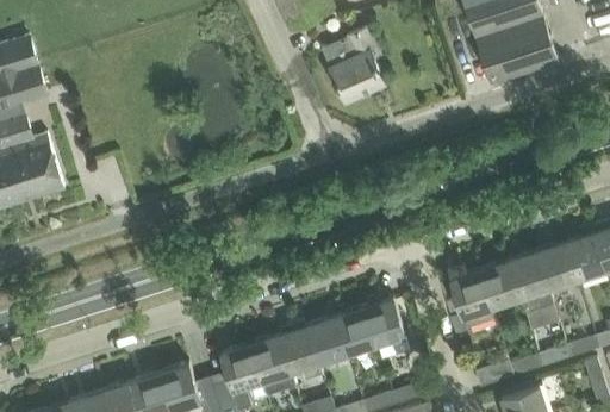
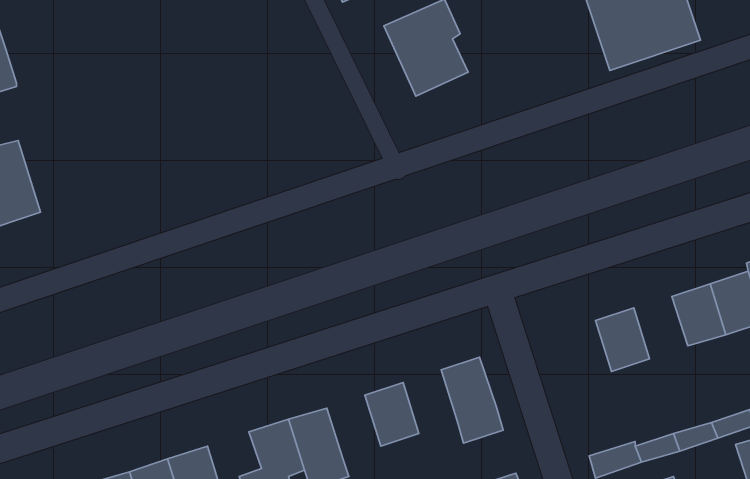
building: [508,251,554,314] -> none
building: [449,269,494,327] -> none
building: [335,306,375,354] -> none
building: [278,319,322,380] -> none

